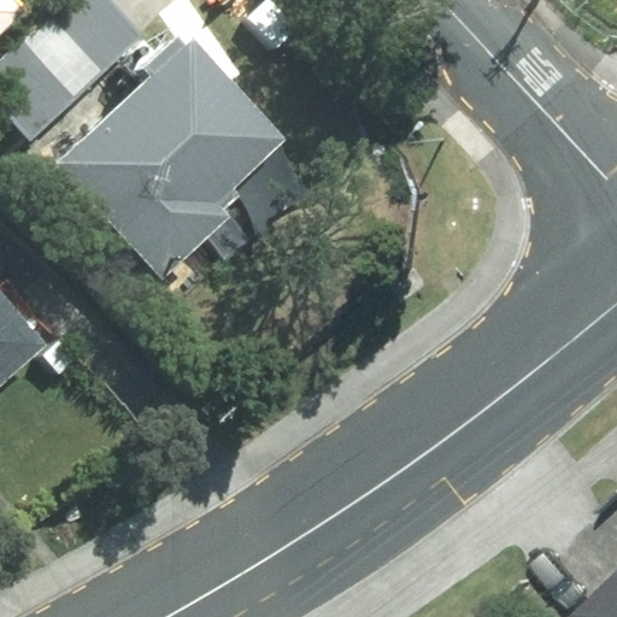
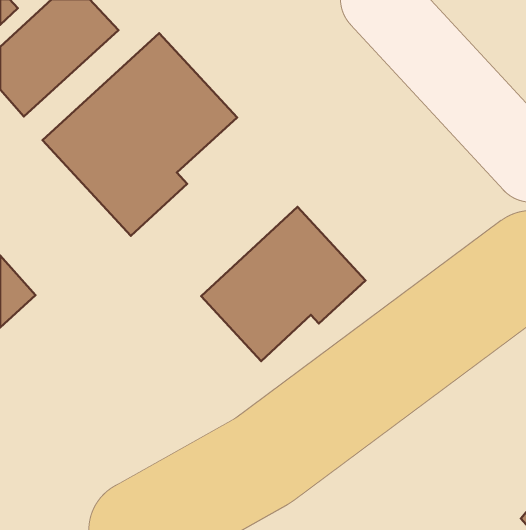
building: none -> [201,207,366,361]

